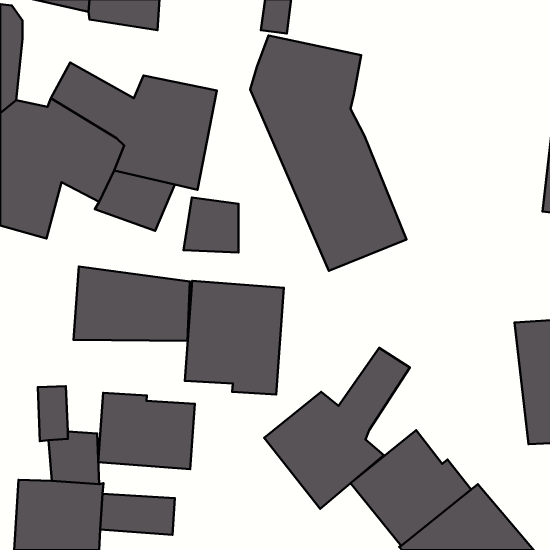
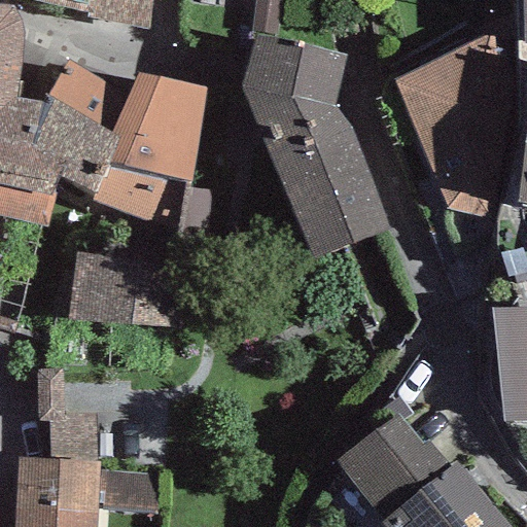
building: none -> [393,33,522,217]
building: [185,281,284,394] -> none
building: [264,348,410,509] -> none
building: [98,393,195,469] -> none

